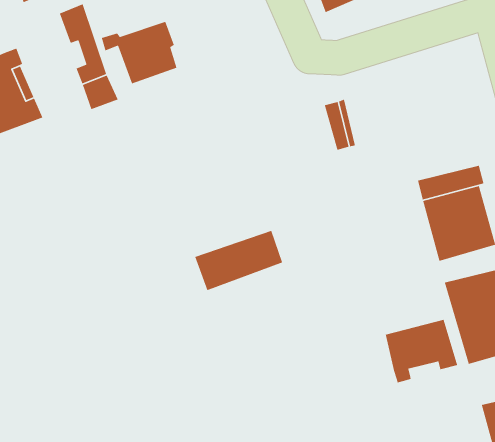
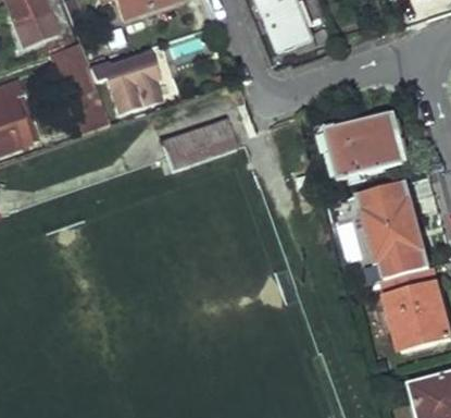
building: none -> [324,113,400,181]
building: [194,230,283,291] -> [158,118,234,170]
building: [385,319,458,384] -> none

